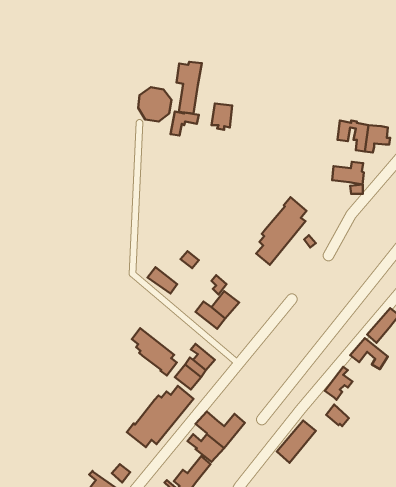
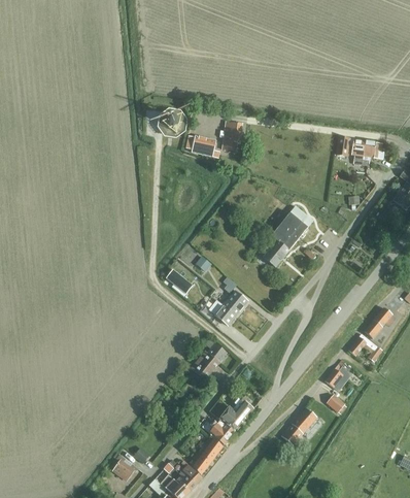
building: [176,62,202,113] -> none
building: [332,162,364,185] -> none
building: [132,328,177,376] -> none
building: [127,386,194,447] -> none

